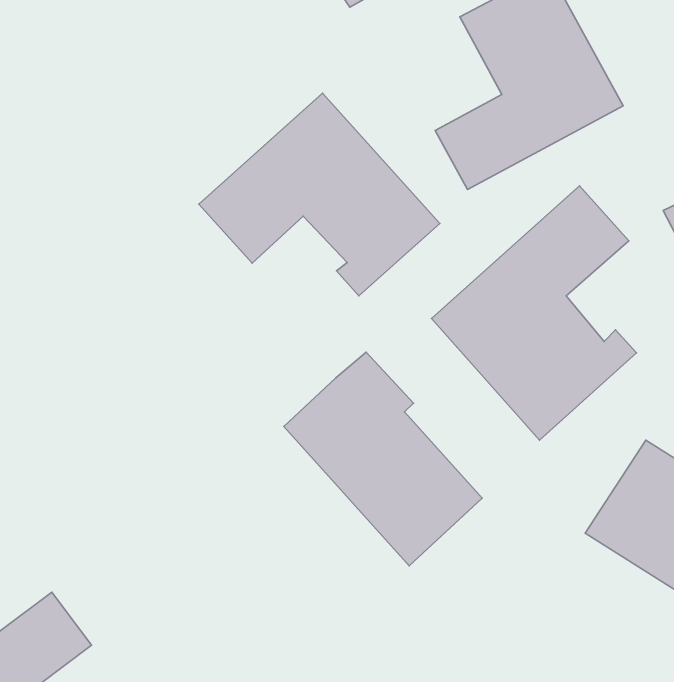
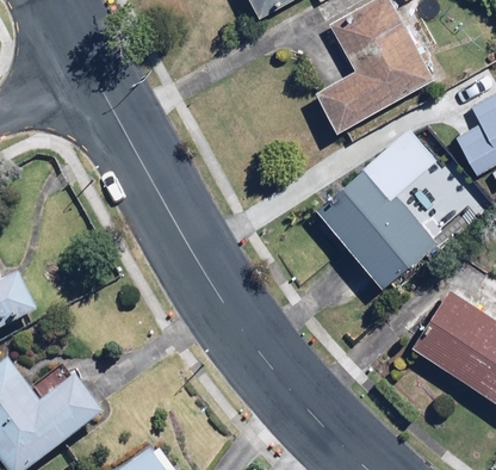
building: [199,93,440,296] -> none
building: [284,352,482,566] -> none

